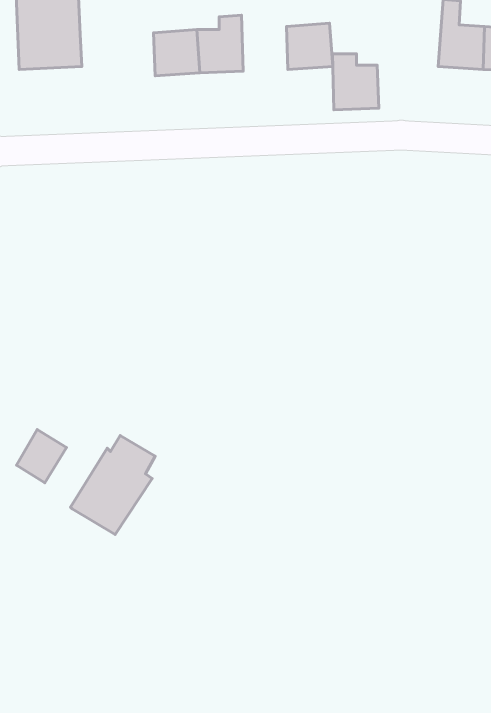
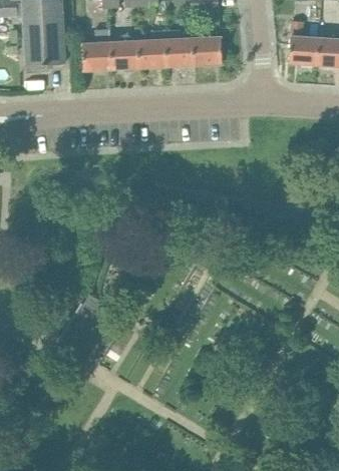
building: none -> [82,30,110,69]
building: [332,54,379,110] -> [164,30,194,65]
building: [16,429,67,483] -> none

